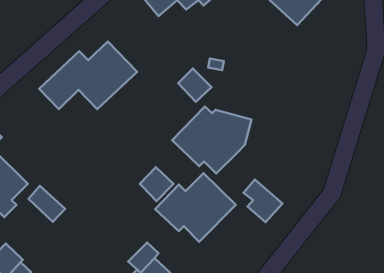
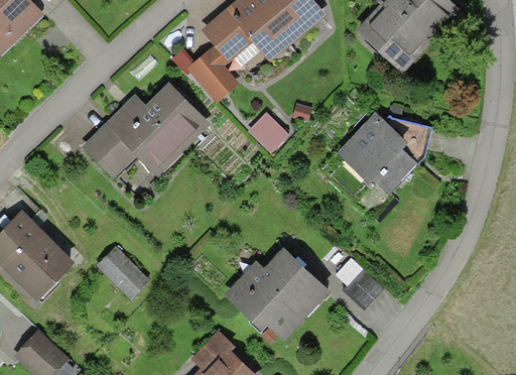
building: none -> [189,52,232,96]
building: [172,107,251,174] -> [334,110,431,193]
building: [140,167,173,201] -> none
building: [28,186,65,222] -> [99,250,144,294]

